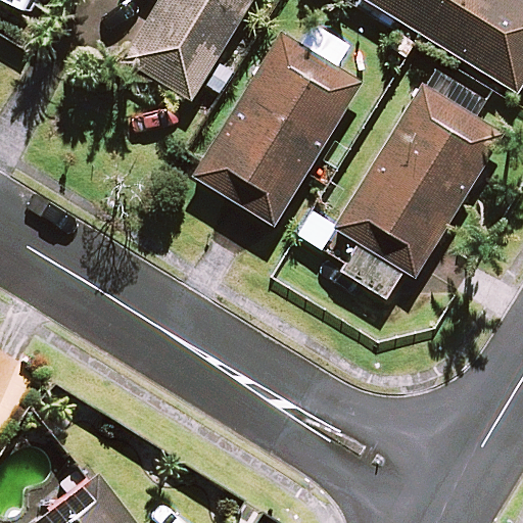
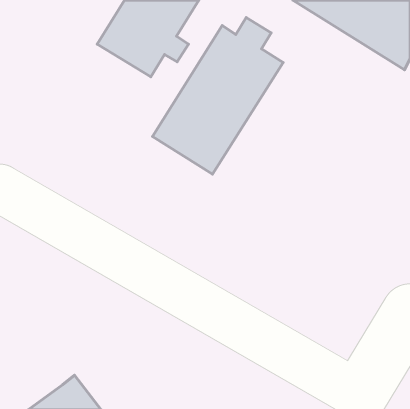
building: [335,66,502,302] -> none

